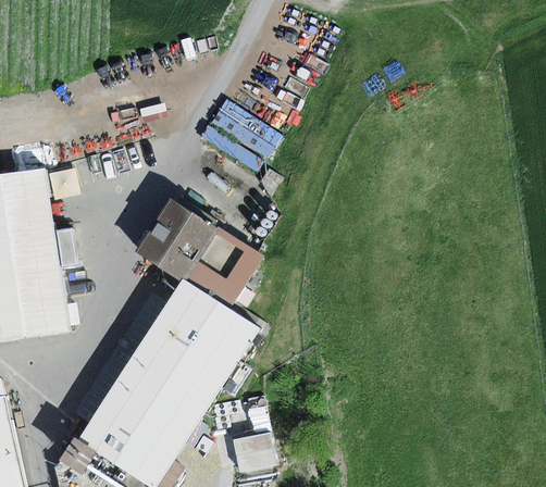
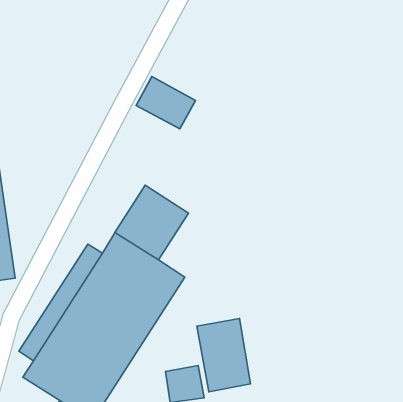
building: [134,197,215,282] -> none
building: none -> [197,319,251,392]

